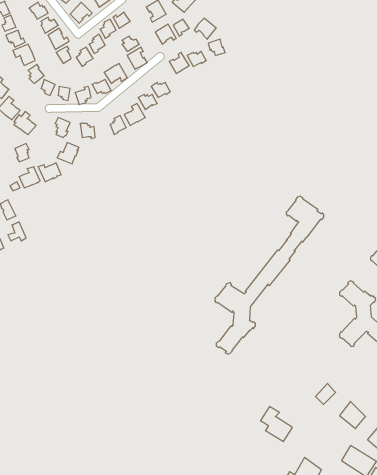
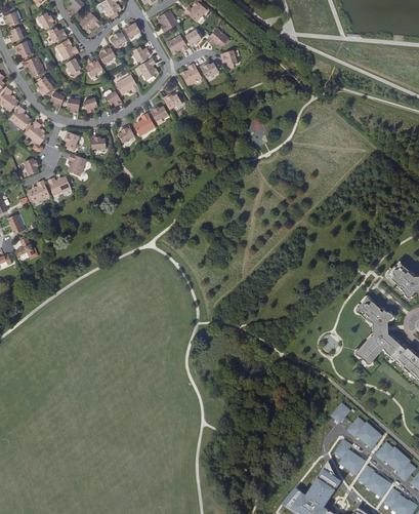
building: [215,196,324,354] -> none
building: [260,407,292,442] -> [334,438,367,474]

